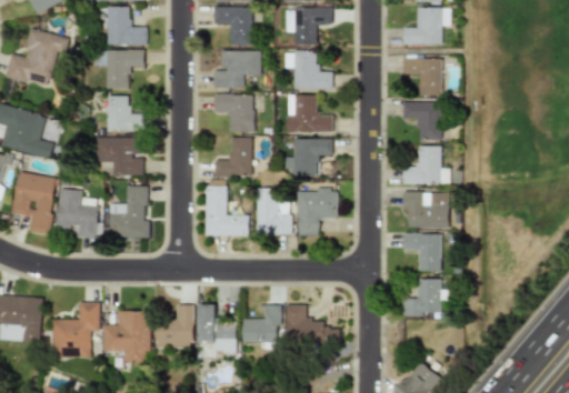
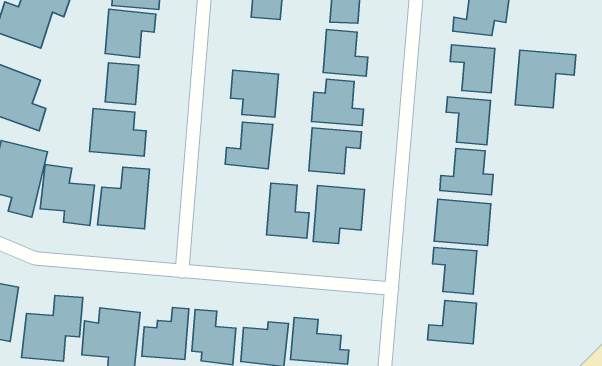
building: [214,51,261,88] -> none
building: none -> [515,50,576,108]
building: [206,184,247,236] -> none

